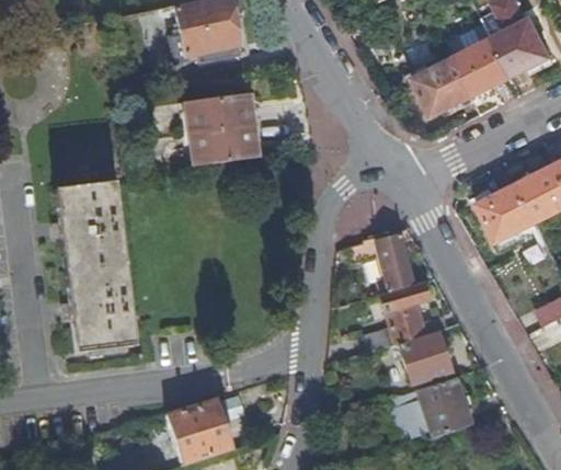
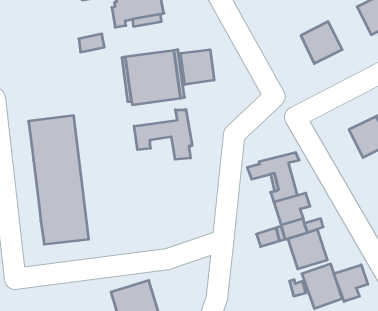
building: [455,36,512,93] -> none
building: none -> [180,50,214,85]
building: none -> [134,109,192,159]
building: none -> [334,265,368,302]

